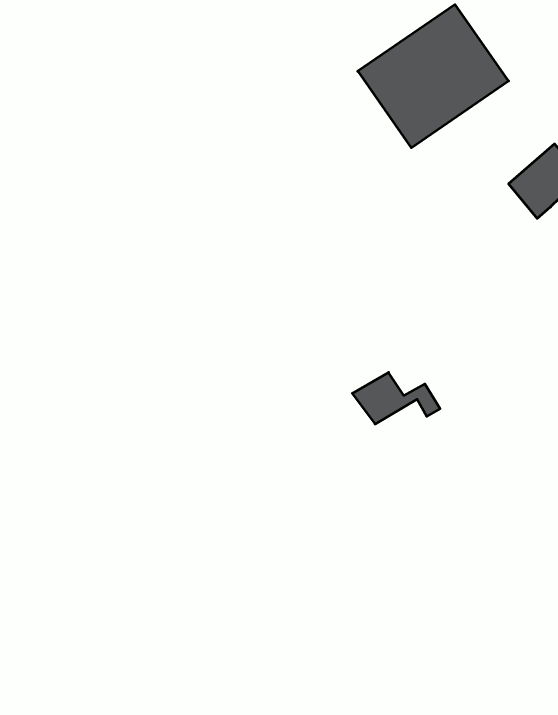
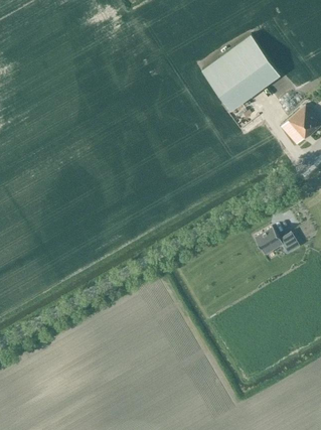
building: [352,372,440,424] -> [255,227,301,254]

